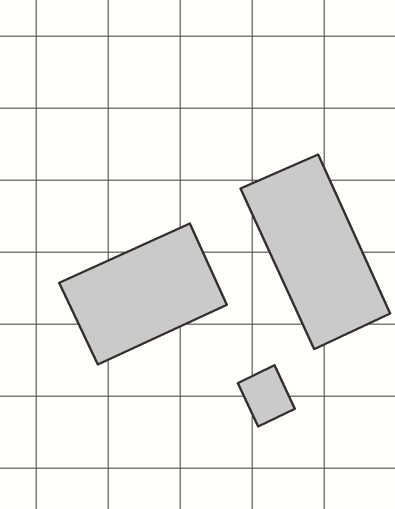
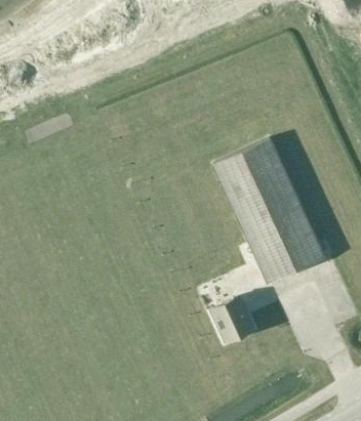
building: [59,223,227,365] -> none

